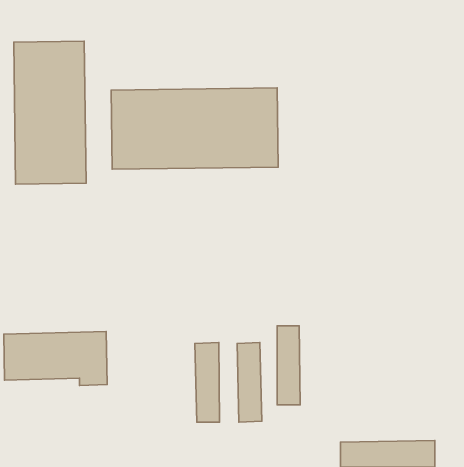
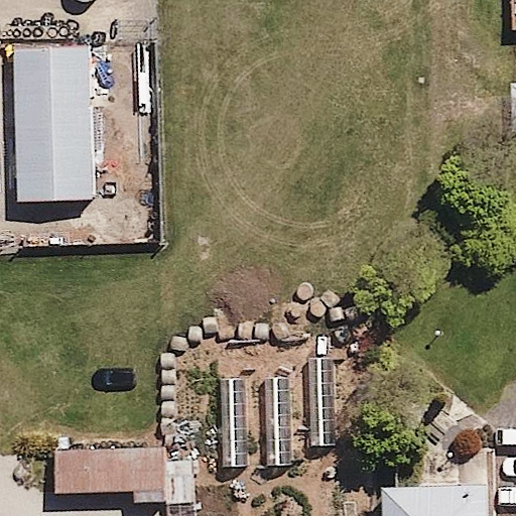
building: [111,88,278,169] -> none
building: [4,332,107,386] -> [53,444,167,504]

